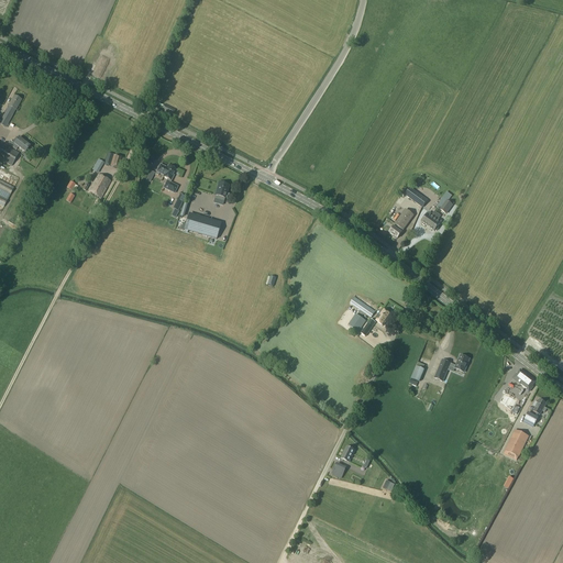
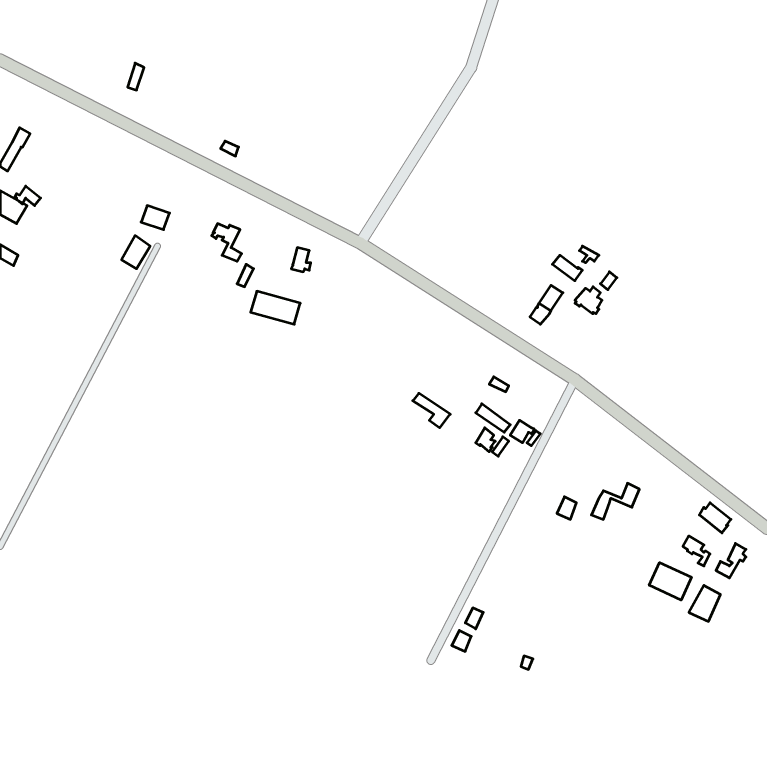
building: none -> [649,563,691,600]

